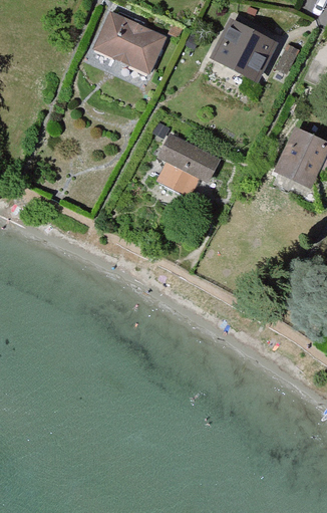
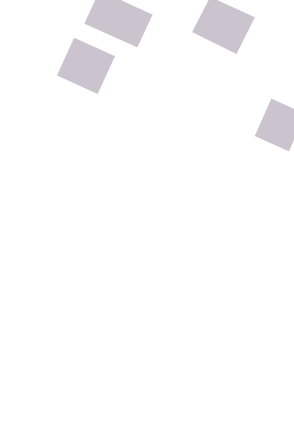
building: none -> [56,37,116,95]
building: [157,133,220,195] -> none

